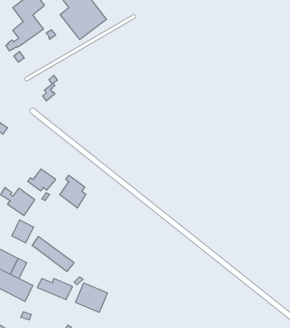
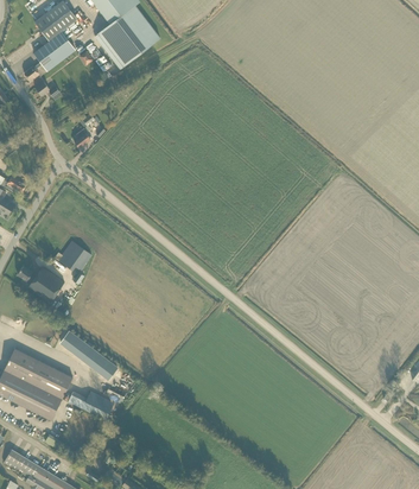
building: [60,175,86,208] -> none
building: [12,220,34,243] -> [43,368,72,399]
building: [76,283,108,312] -> none

